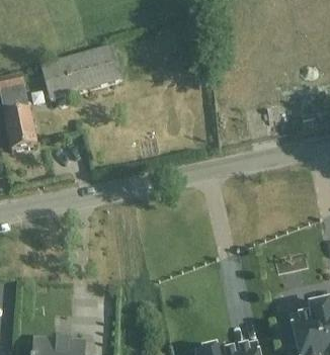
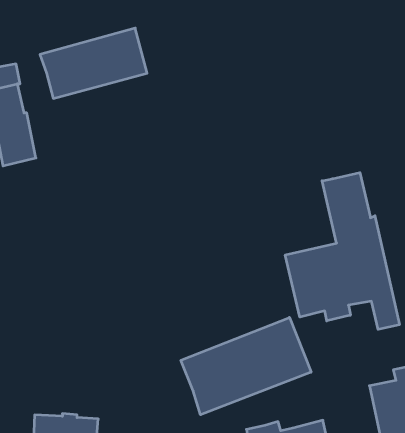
building: none -> [285,173,399,329]
building: none -> [181,317,311,415]

